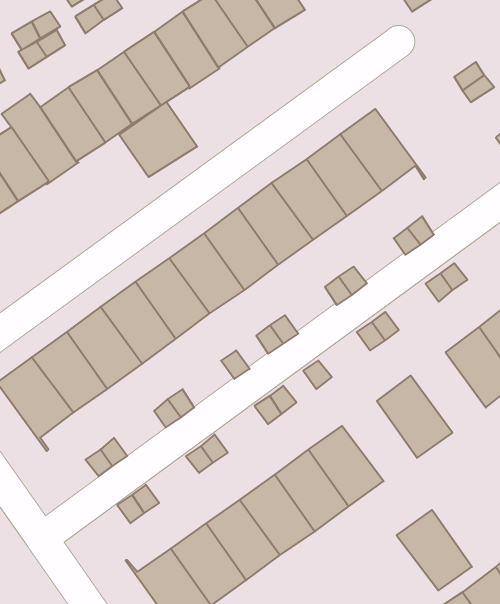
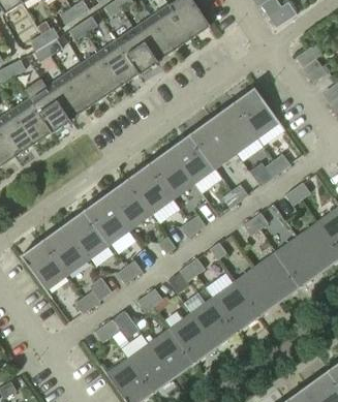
building: [119,102,197,177] -> none
building: none -> [275,238,321,287]
building: [397,510,472,590] -> [233,268,279,317]

